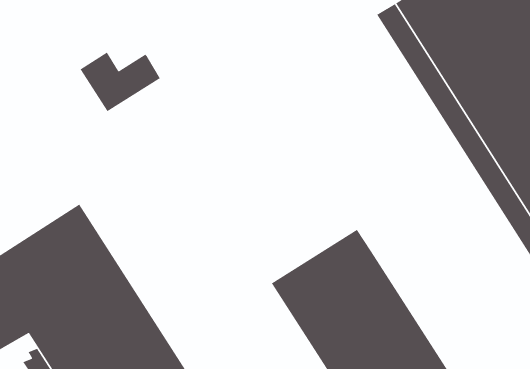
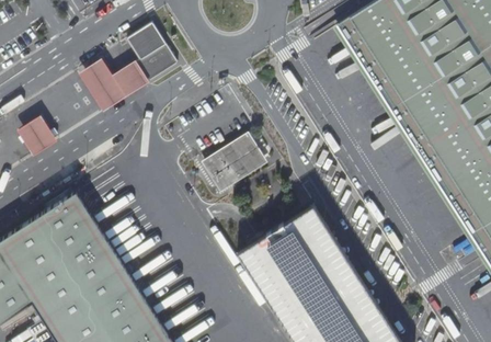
building: none -> [125,22,176,81]
building: none -> [15,114,55,153]
building: none -> [199,133,264,191]

